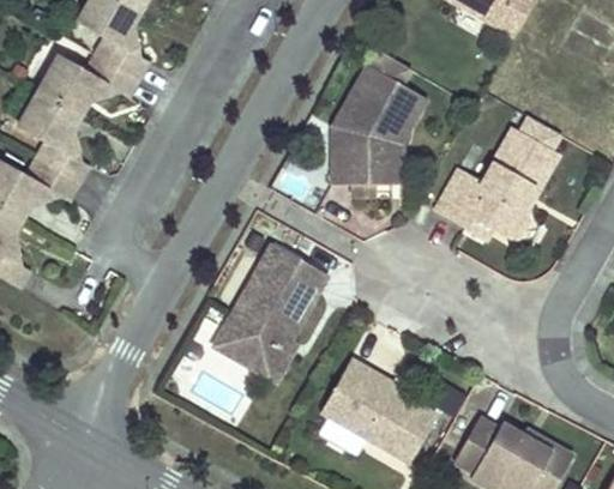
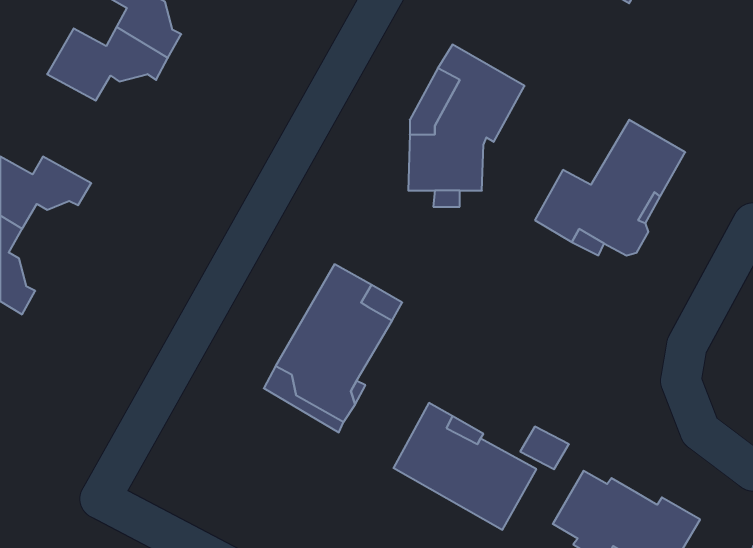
building: [18,90,85,179] -> none

